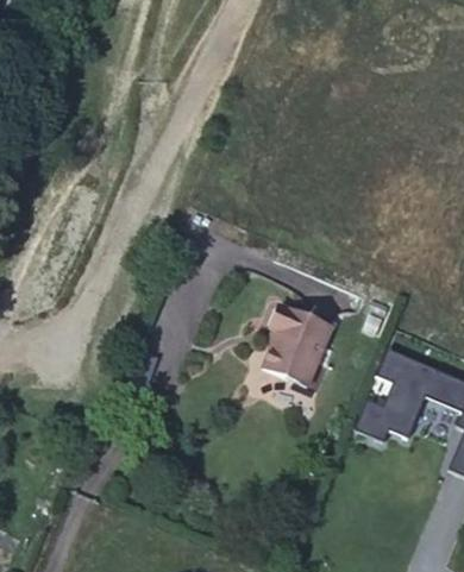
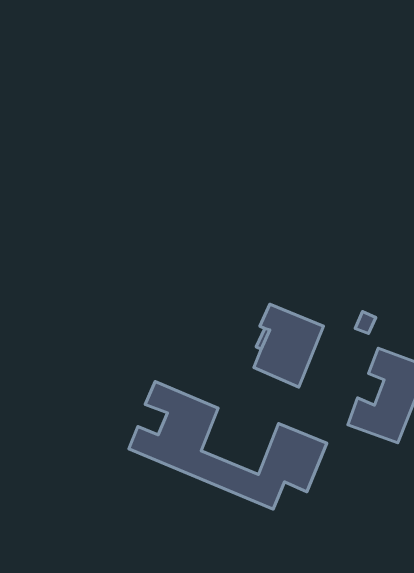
building: none -> [129,382,327,509]

